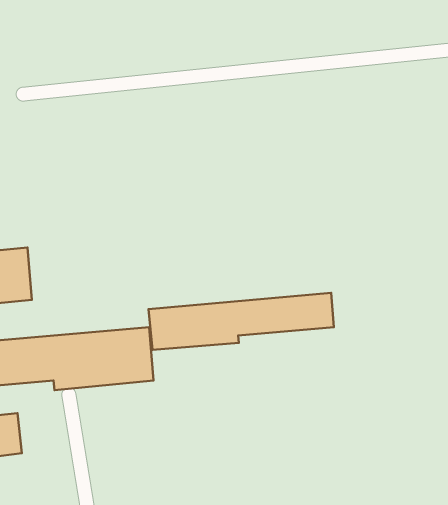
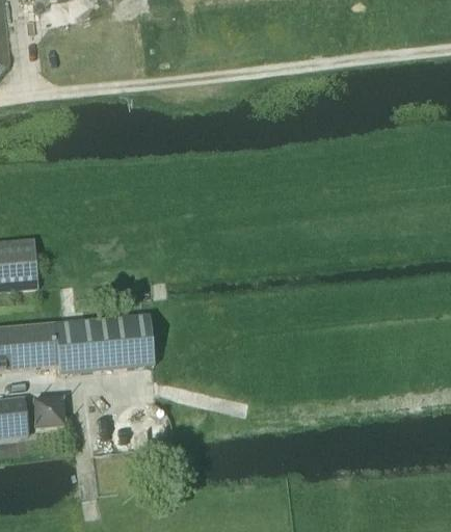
building: [149,293,334,350] -> none
building: none -> [32,393,67,427]

